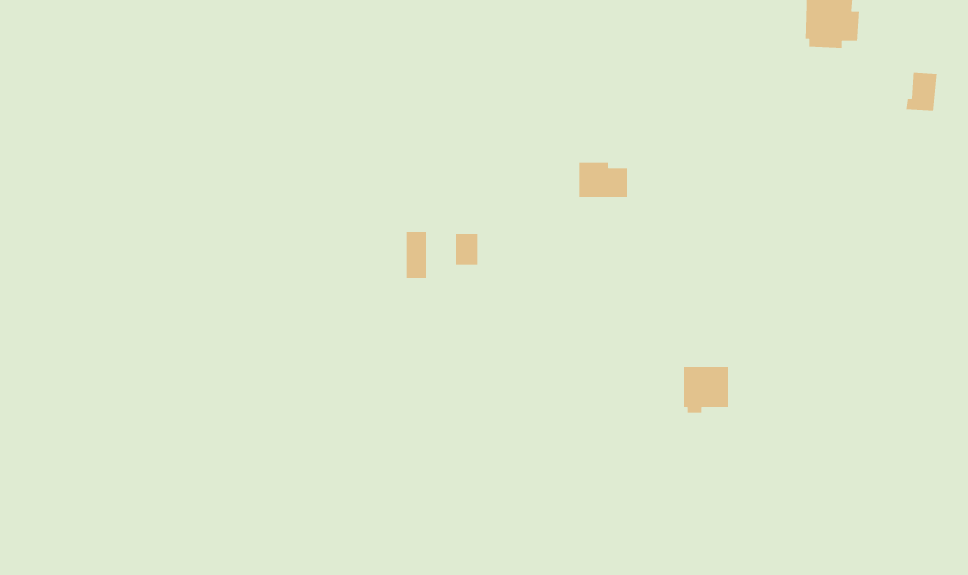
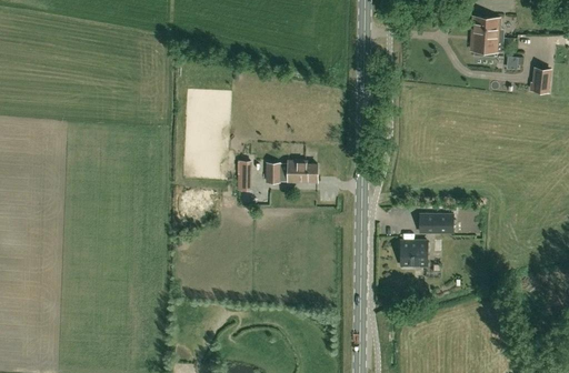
building: [578,162,628,198] -> [288,161,317,182]
building: none -> [419,214,452,233]

